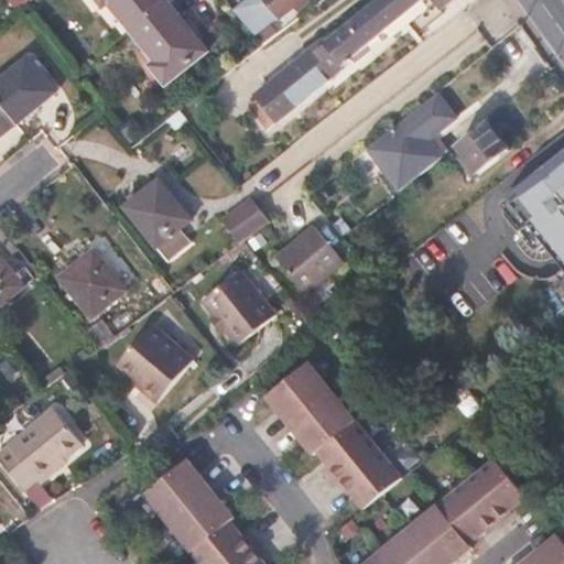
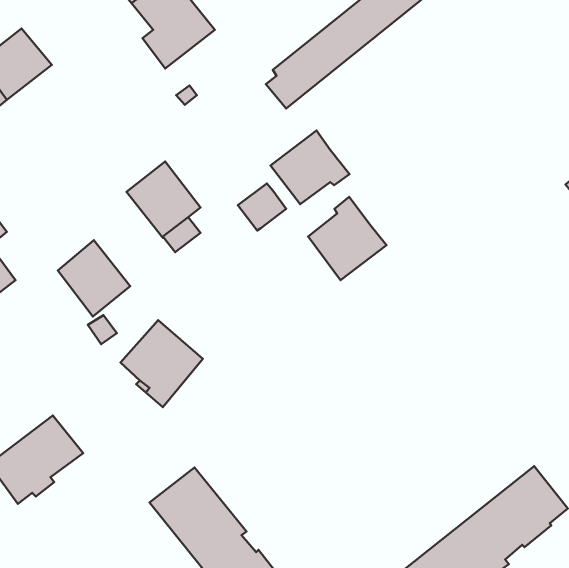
building: [370,90,457,187] -> none
building: [456,120,509,177] -> none
building: none -> [270,130,350,204]
building: [200,271,273,341] -> none
building: [263,359,399,506] -> none

